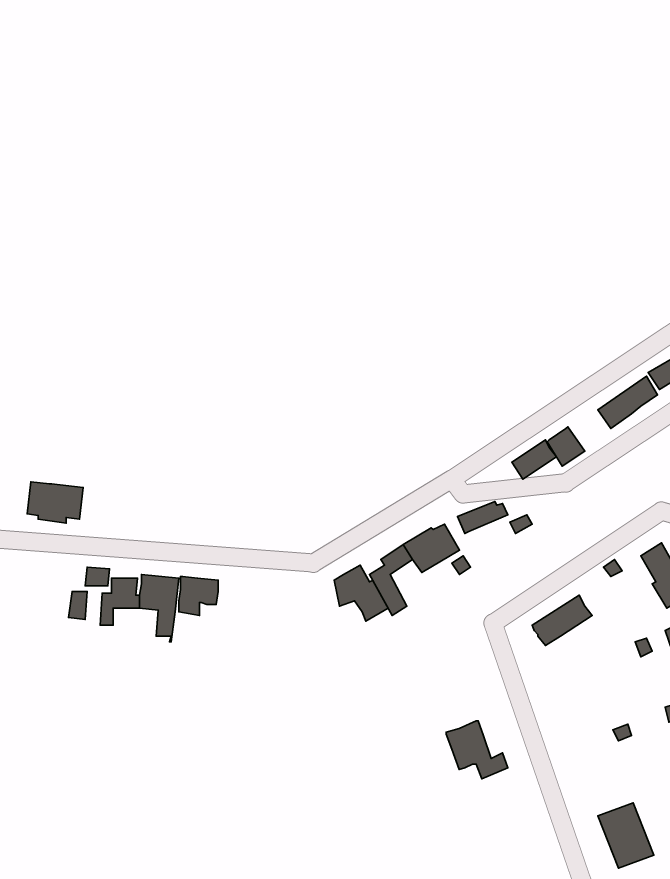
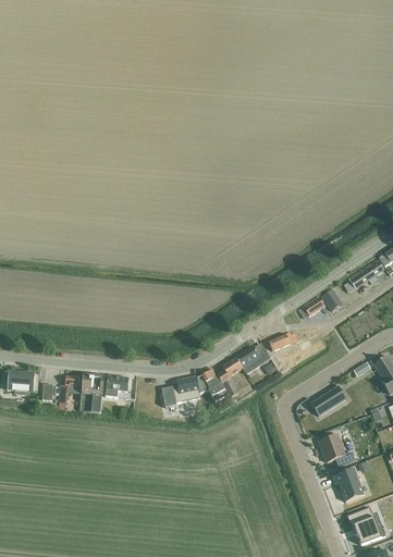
building: [27,482,83,523] -> [7,371,39,395]
building: none -> [161,376,200,408]
building: [446,721,508,779] -> [319,434,355,468]
building: none -> [332,468,364,502]

